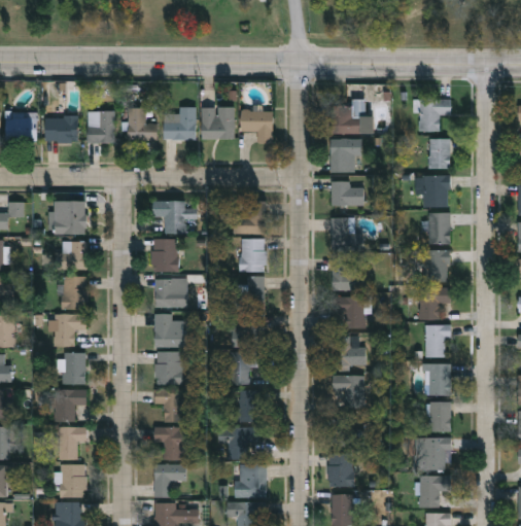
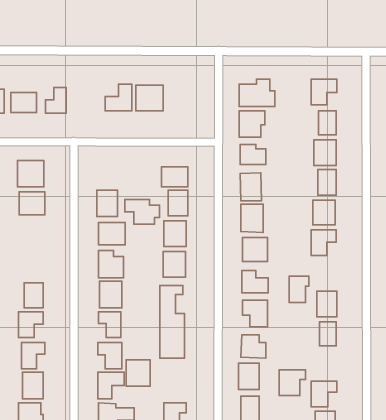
building: [128,109,157,142] -> none
building: [241,109,273,143] -> none
building: [153,202,197,233] -> [125,199,159,224]
building: [62,277,88,310] -> none
building: [55,315,85,347] -> none
building: [425,325,450,358] -> [289,276,309,303]
building: [419,439,452,470] -> [279,370,306,395]
building: [236,465,266,498] -> [126,360,150,386]

